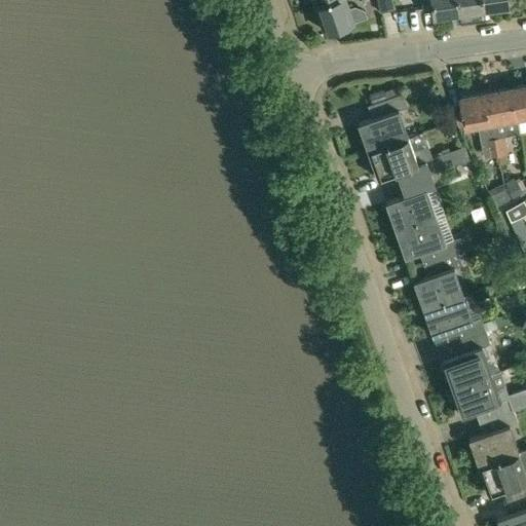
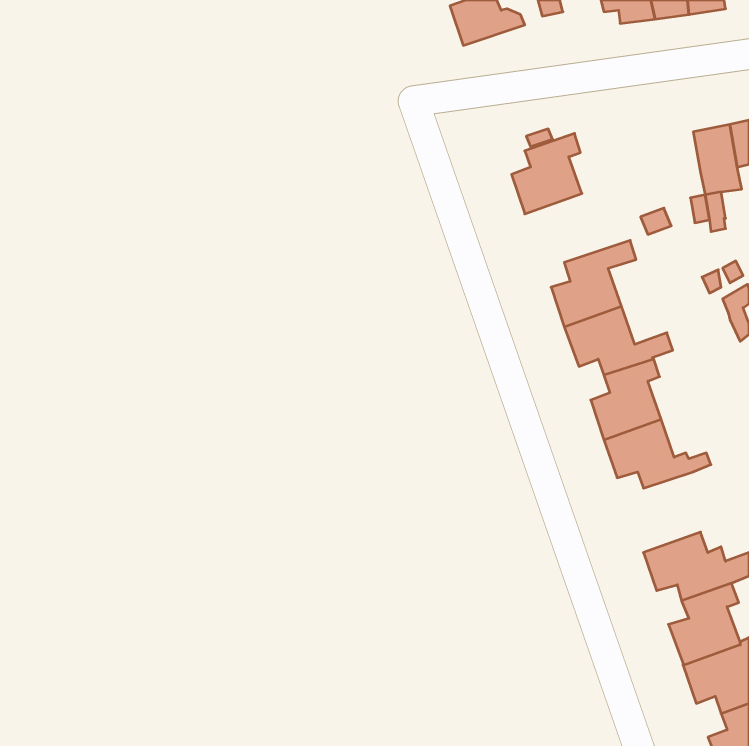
building: [460,95,491,128] -> none
building: [368,138,448,186] -> none
building: [441,333,491,389] -> none

